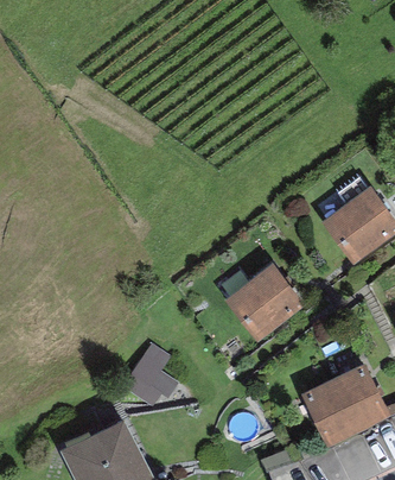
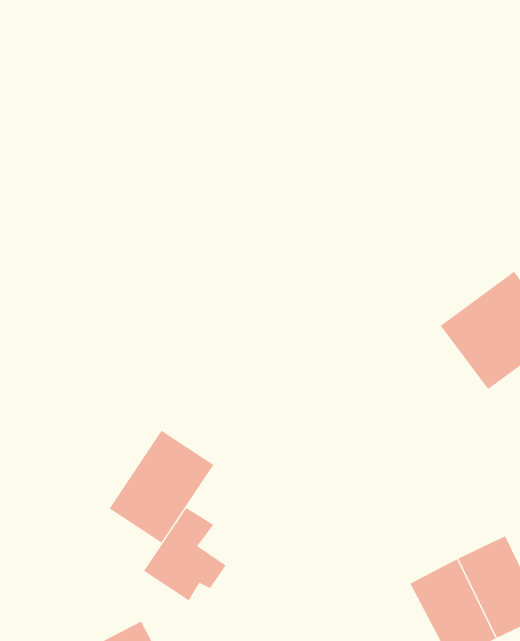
building: [224,263,301,342] -> none
building: none -> [109,430,214,544]

